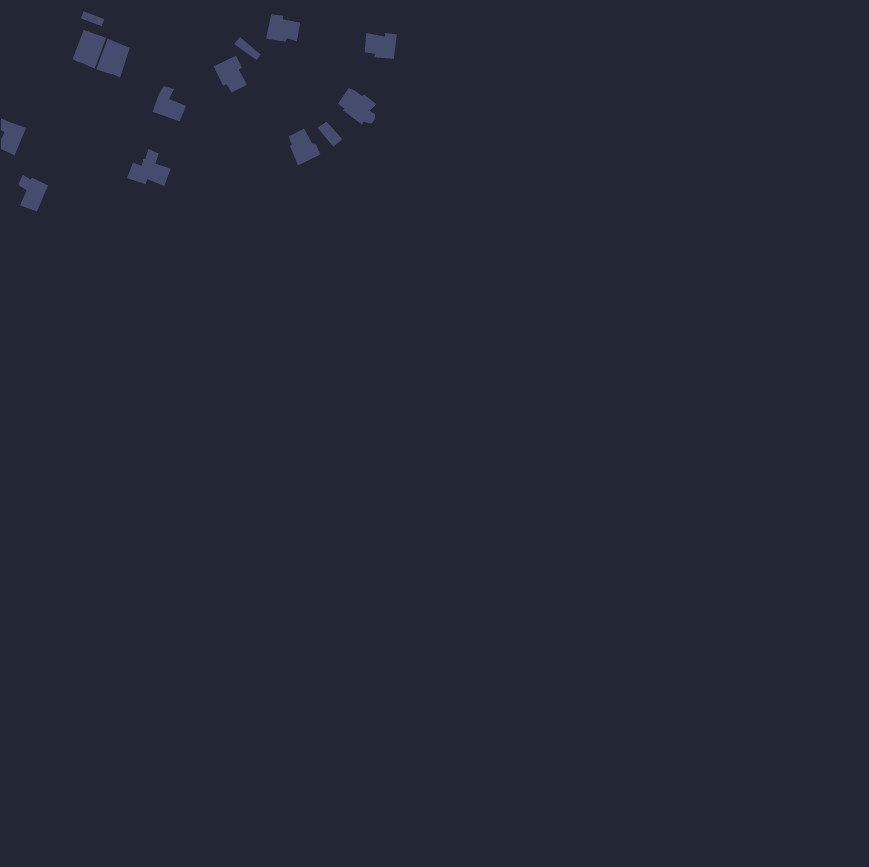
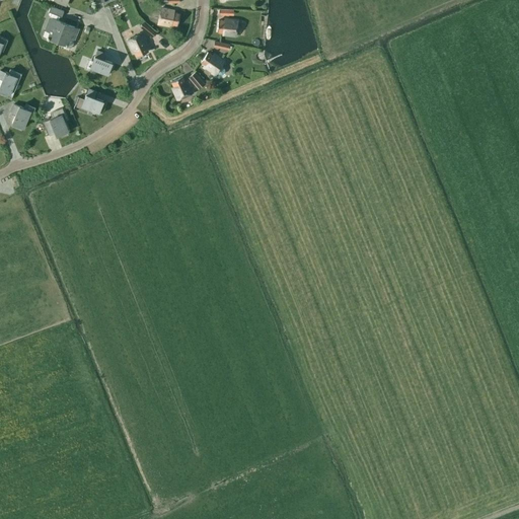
building: none -> [45,108,68,136]

